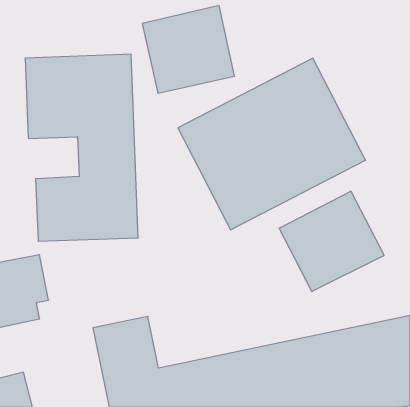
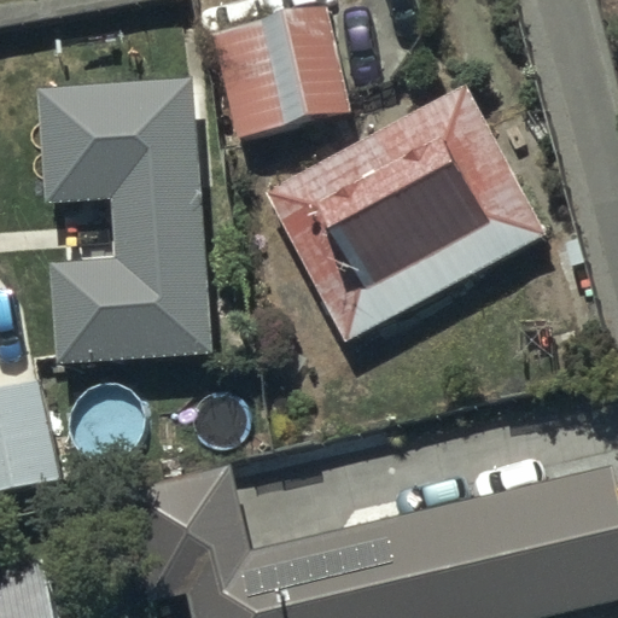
building: [279,191,384,292] -> none

